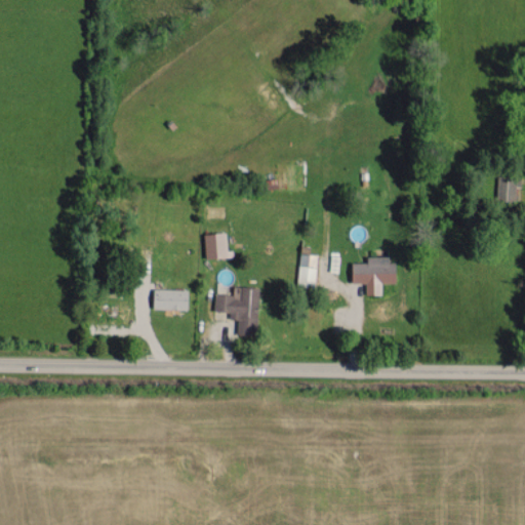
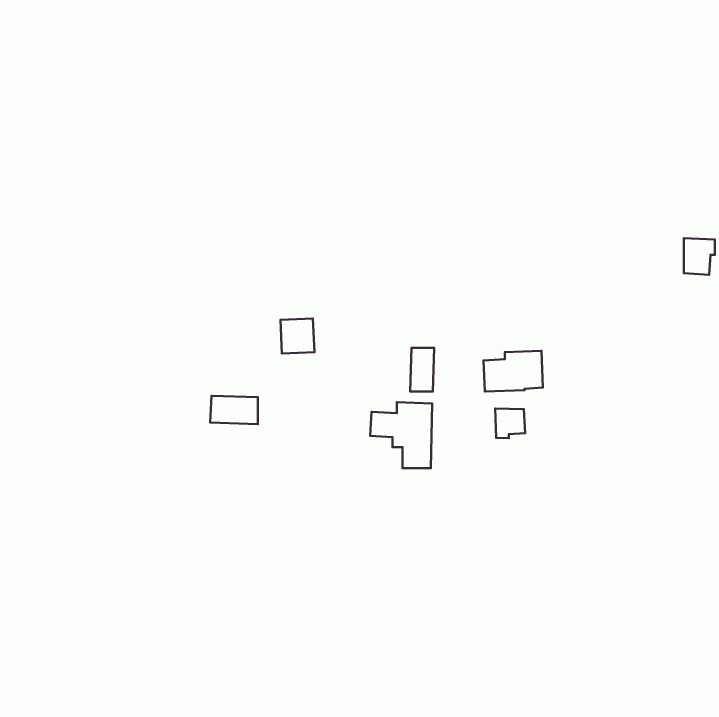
building: [214,287,259,335] -> [370,402,432,468]
building: none -> [495,409,525,438]

